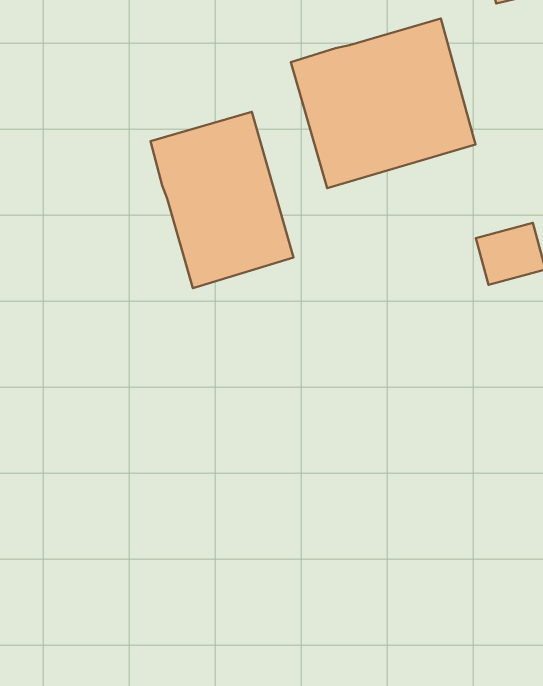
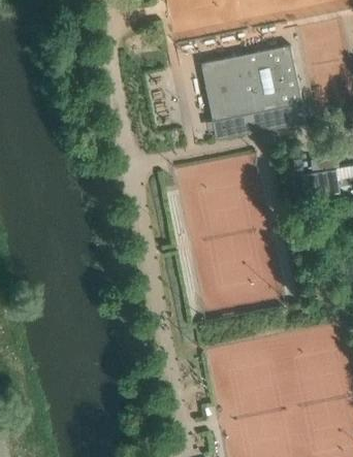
building: [150,112,294,288] -> none

